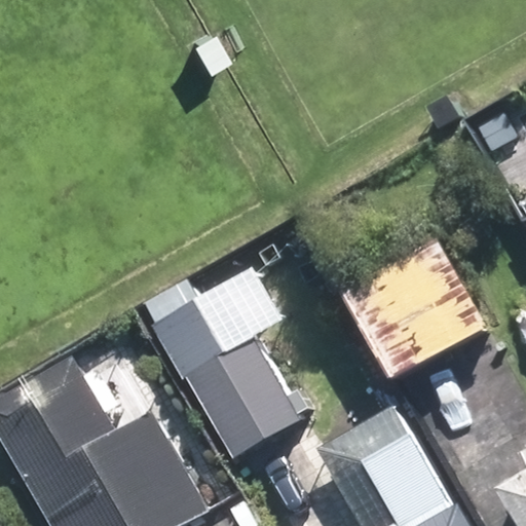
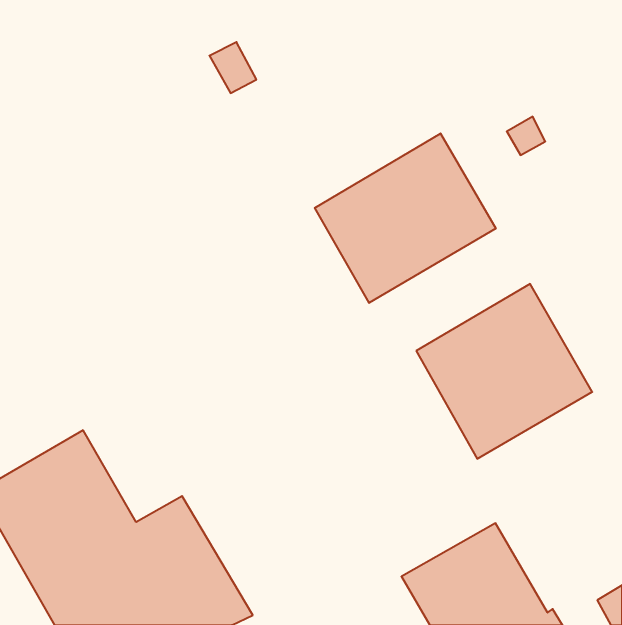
building: none -> [315,133,496,303]
building: [142,274,302,459] -> none

